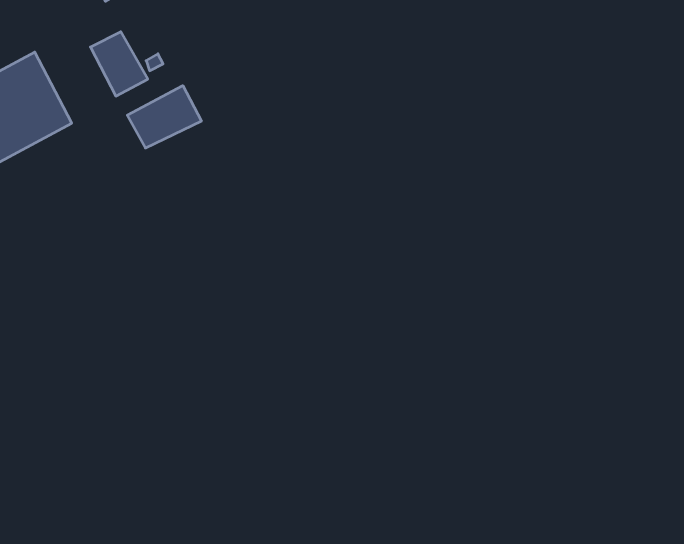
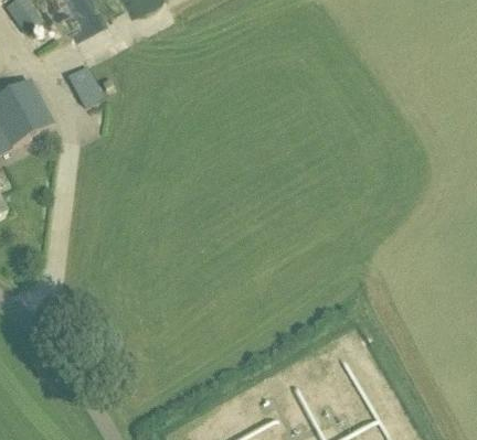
building: [127,86,201,148] -> none

